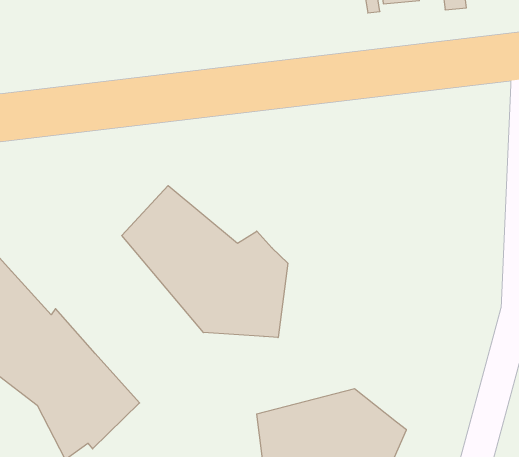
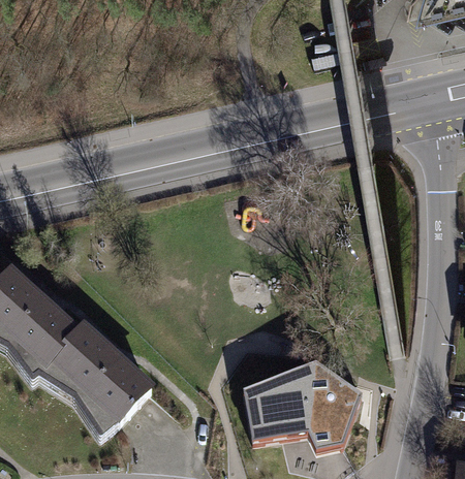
building: [122,186,288,338] -> none

